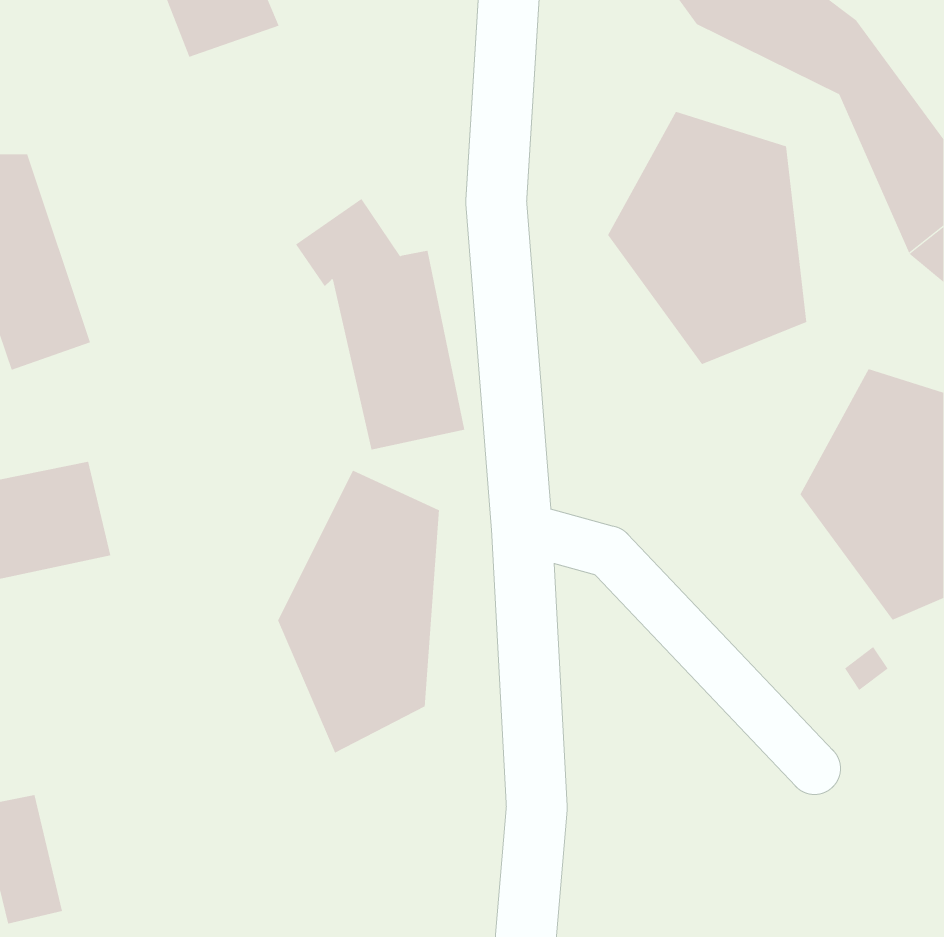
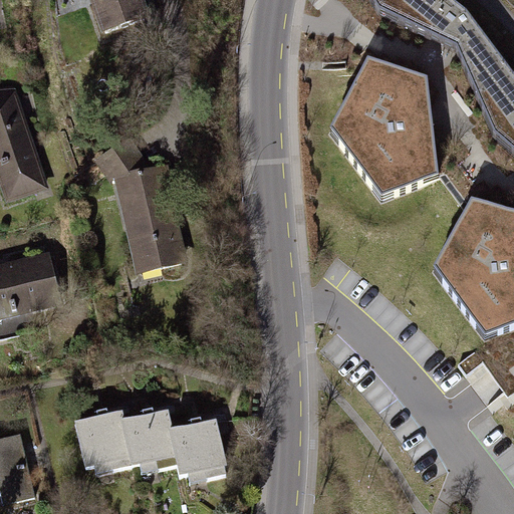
building: [295,198,465,450] -> [94,134,187,270]
building: [277,470,439,753] -> none
building: none -> [74,409,228,479]

